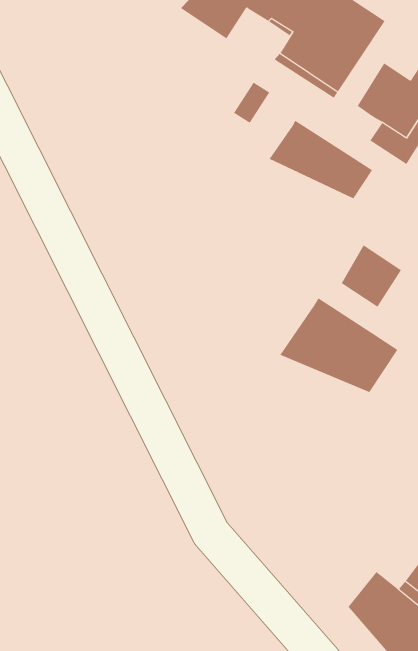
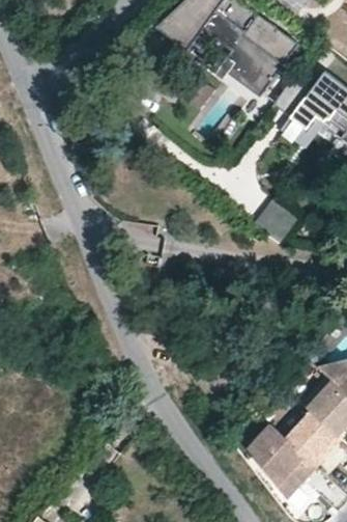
building: [269,120,373,199] -> none
building: [279,297,398,393] -> none

